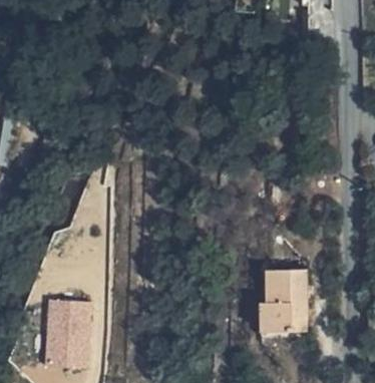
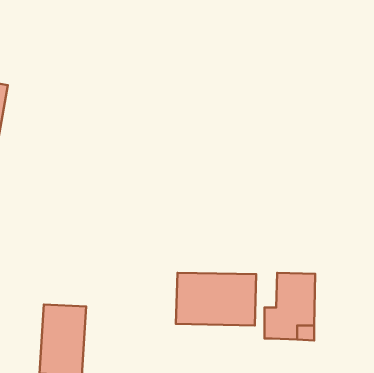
building: none -> [176,273,256,325]

